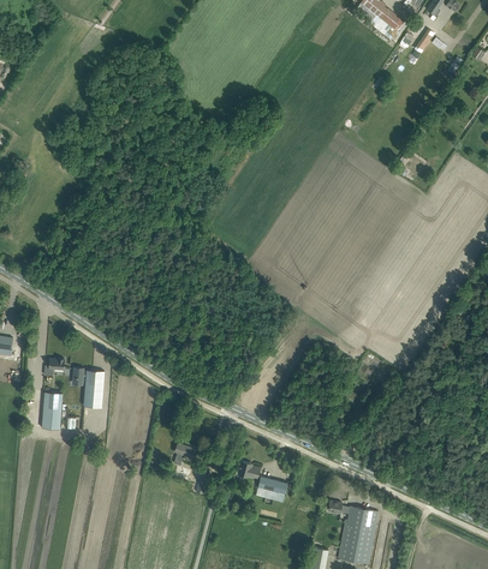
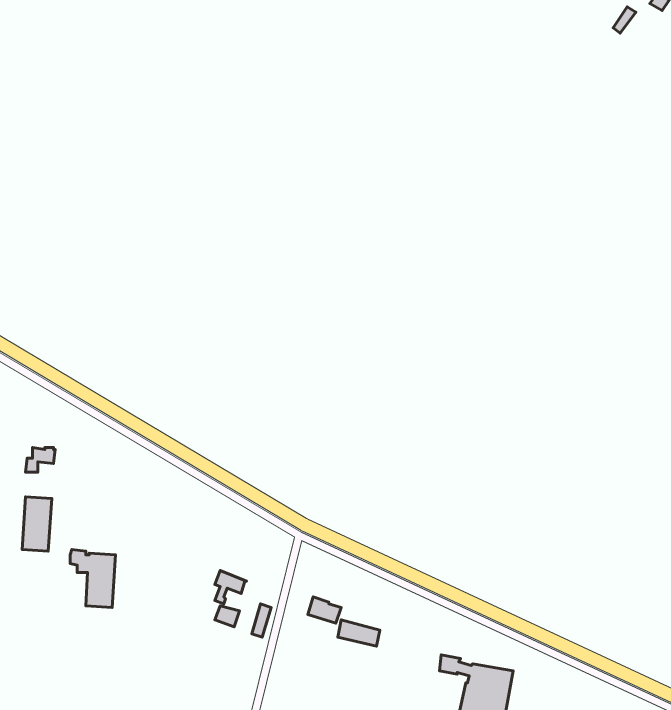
building: [73,367,105,407] -> [70,550,116,607]

